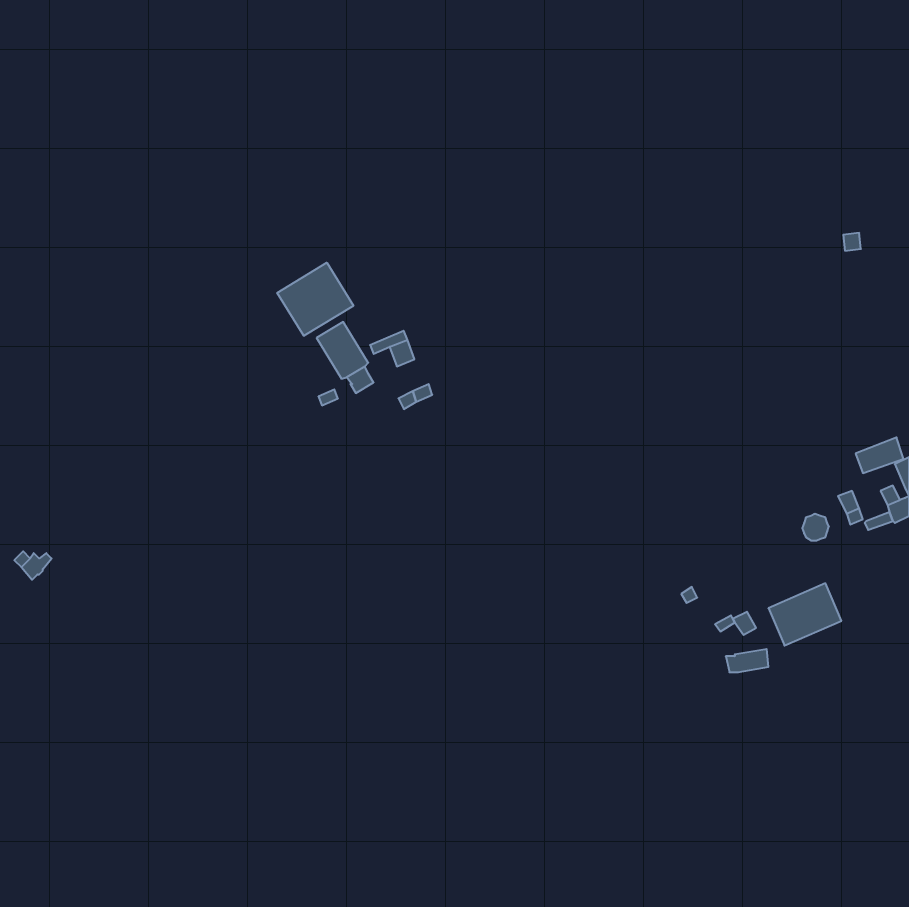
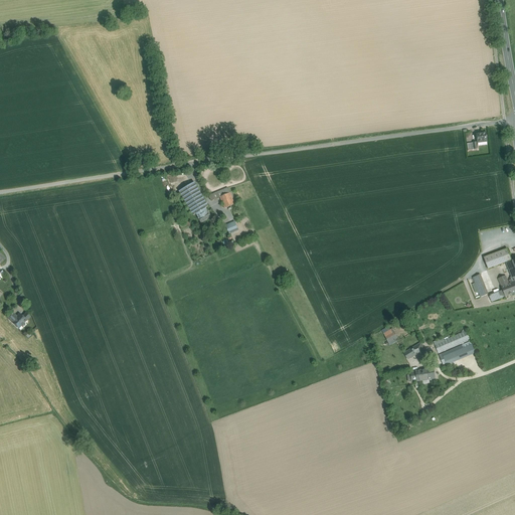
building: [277,263,353,336] -> none

